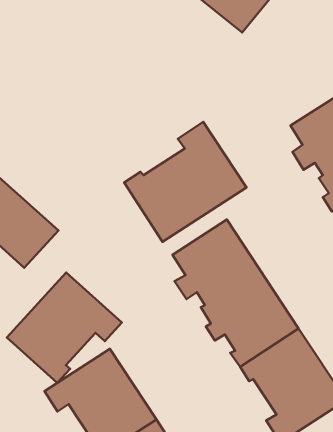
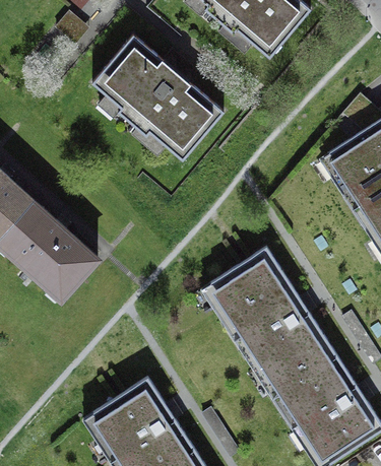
building: none -> [101,53,215,155]
building: [124,122,246,242] -> none
building: [7,272,122,383] -> none

